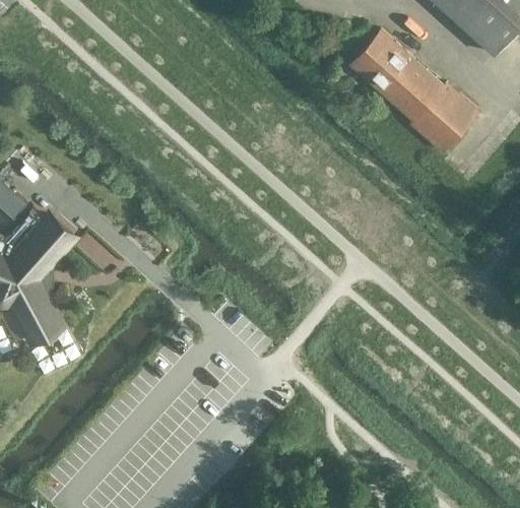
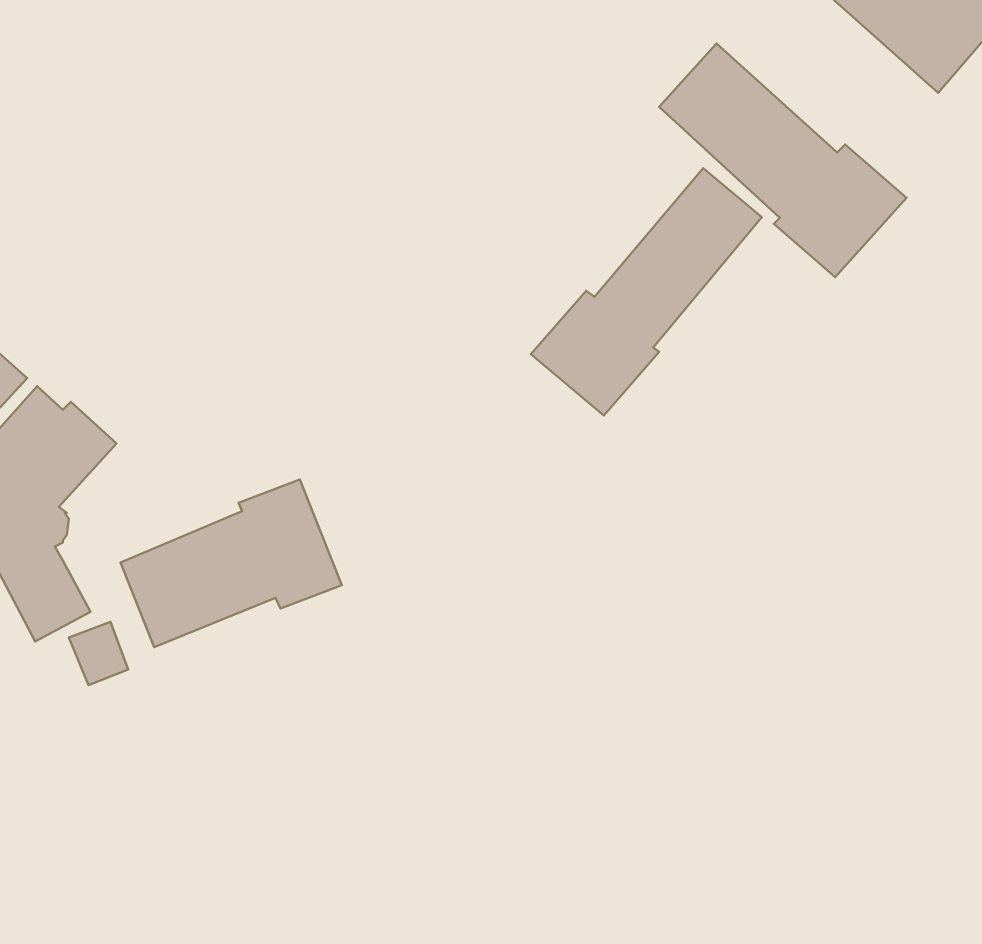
building: none -> [531,168,762,415]
building: none -> [120,480,342,647]

